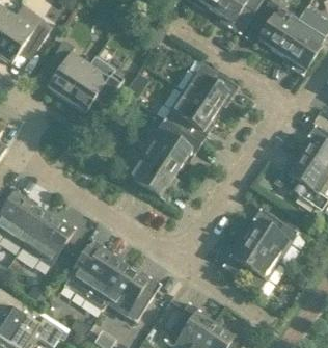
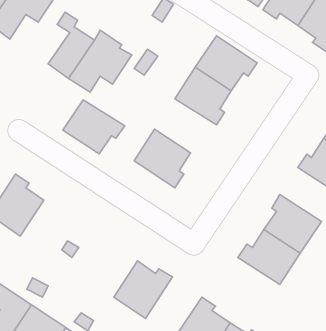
building: [144,118,201,168] -> [63,100,125,154]
building: [21,212,75,265] -> none
building: [62,238,129,310] -> none

